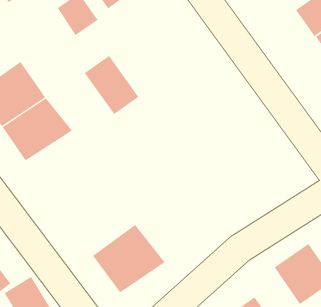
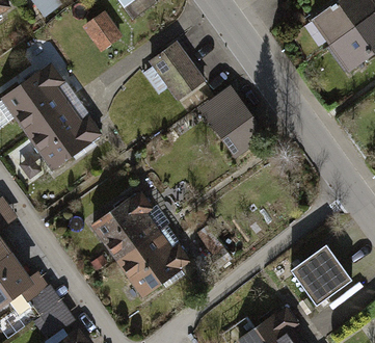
building: [84,55,139,115] -> [143,30,197,88]
building: none -> [202,87,259,148]
building: none -> [85,191,157,260]

